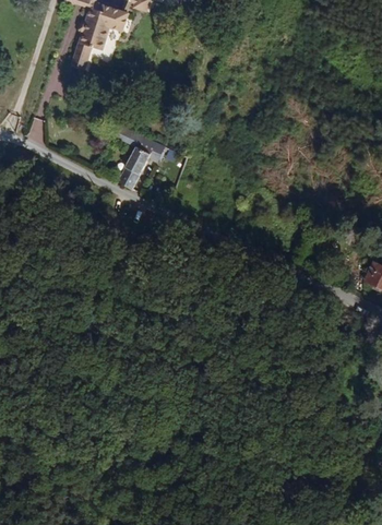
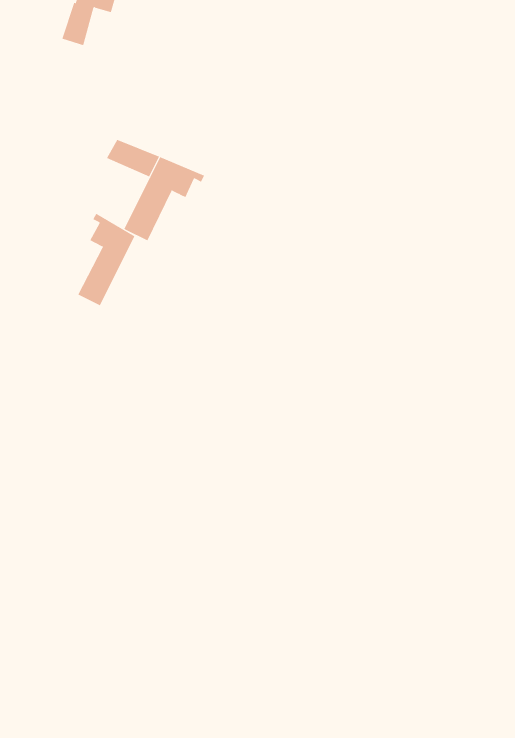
building: none -> [78,213,135,306]

